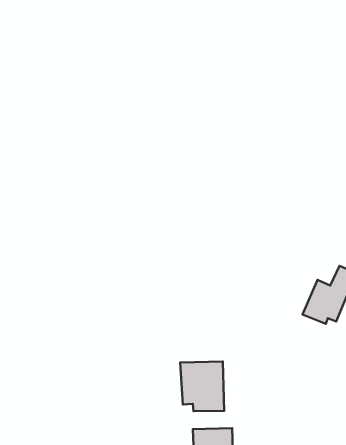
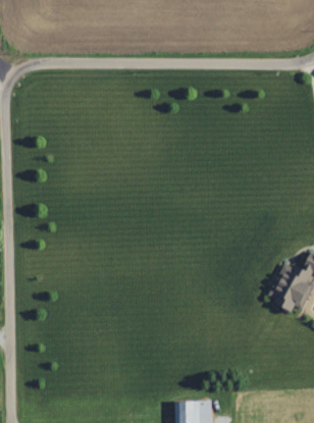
building: [180,361,224,411] -> none

